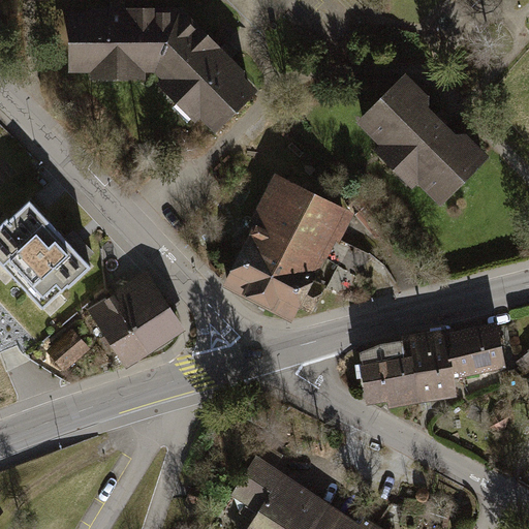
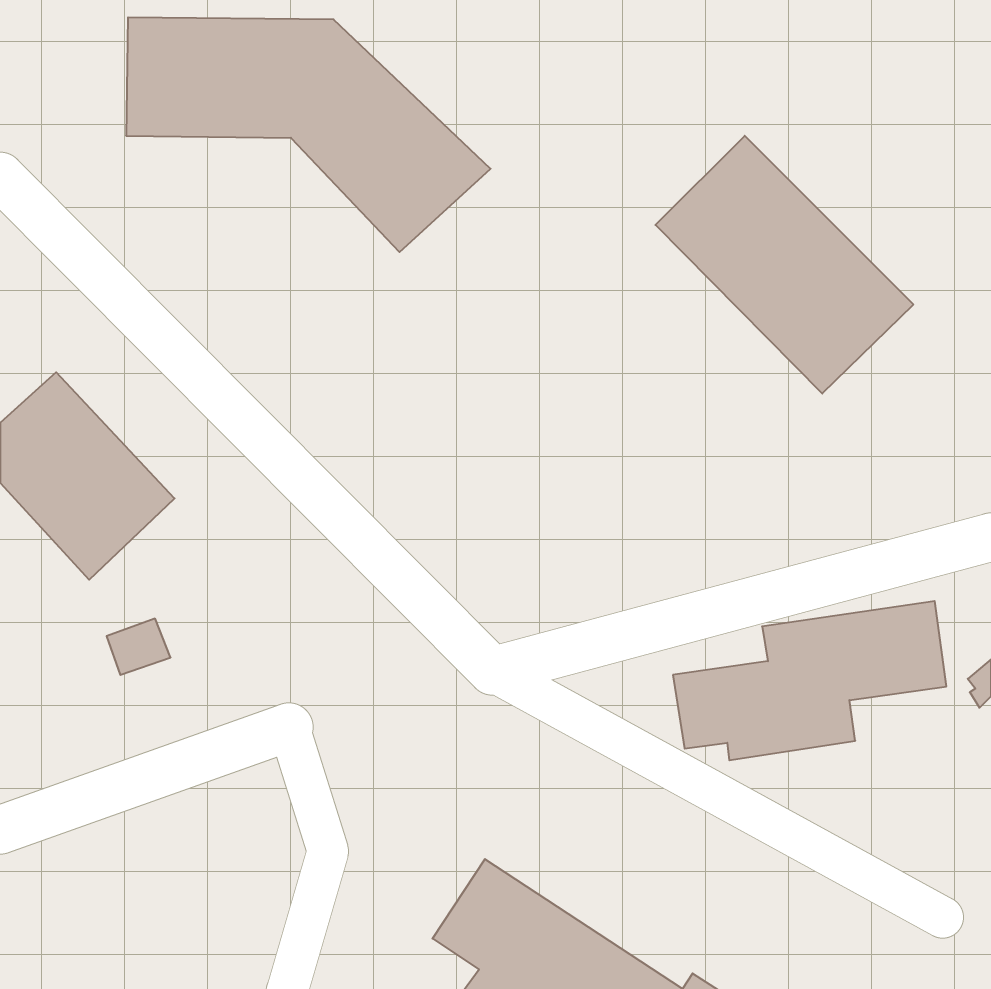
building: [221,173,353,322] -> none
building: [88,273,181,366] -> none

